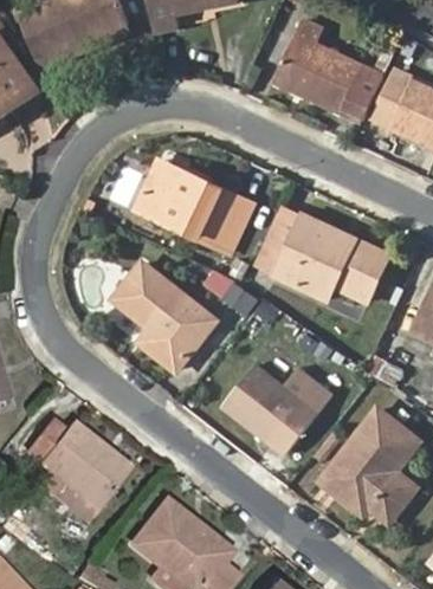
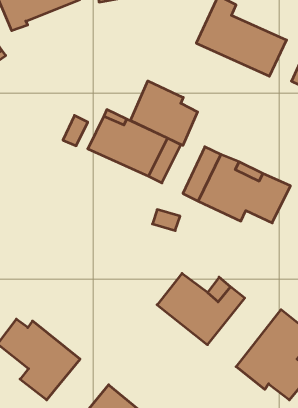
building: none -> [131,81,198,145]
building: [116,264,214,369] -> none

